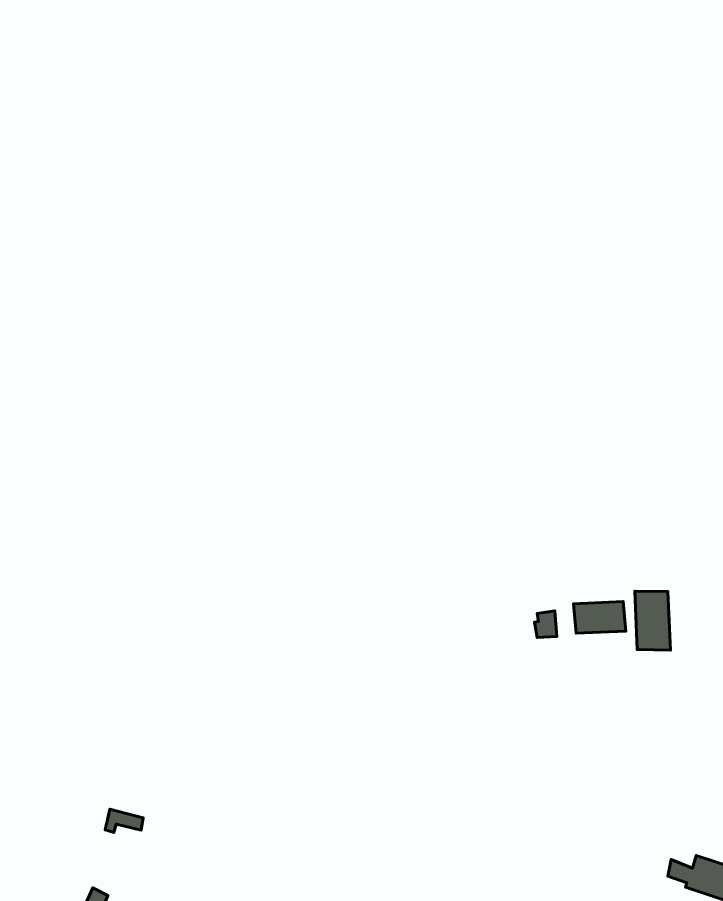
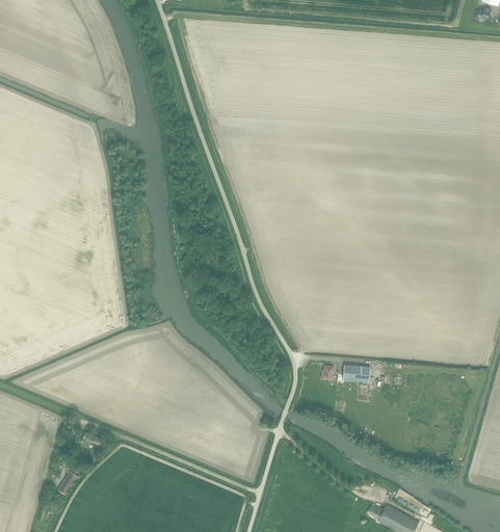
building: [635,591,670,650] -> none

